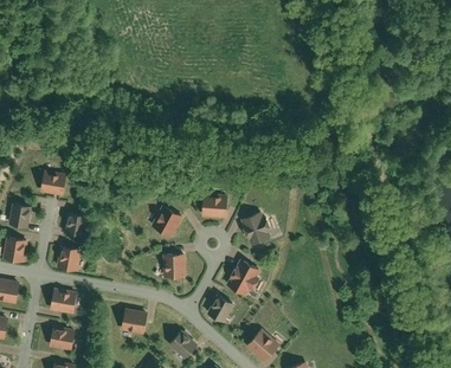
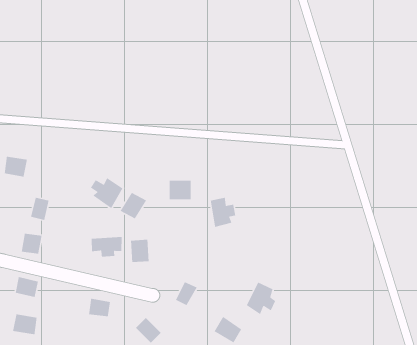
building: none -> [90,177,124,209]
building: none -> [91,236,123,257]
building: [228,260,258,293] -> [246,282,276,315]

